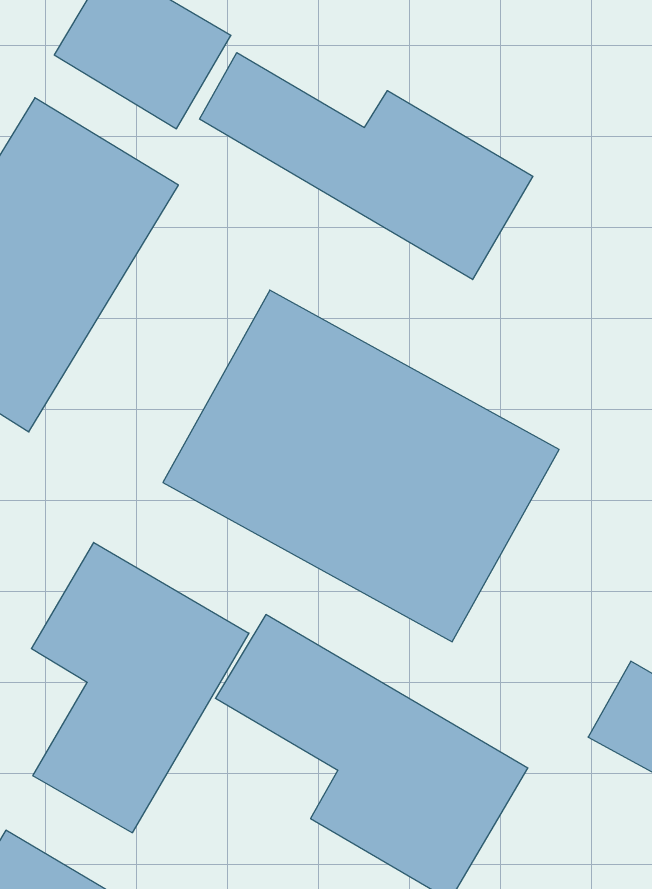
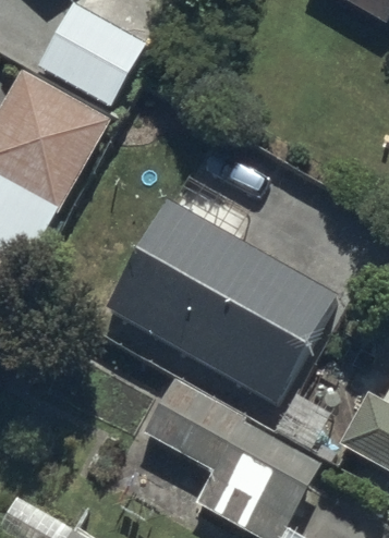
building: [200,53,533,280] -> none
building: [31,542,249,833] -> none

